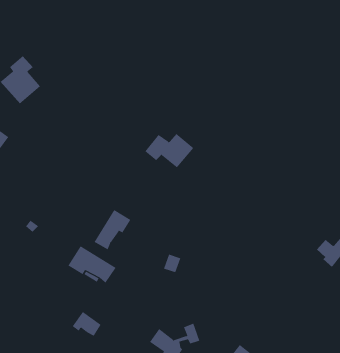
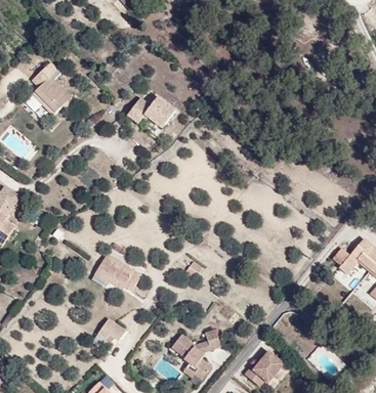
building: [144,133,194,168] -> [129,92,177,126]
building: [94,209,131,250] -> none

